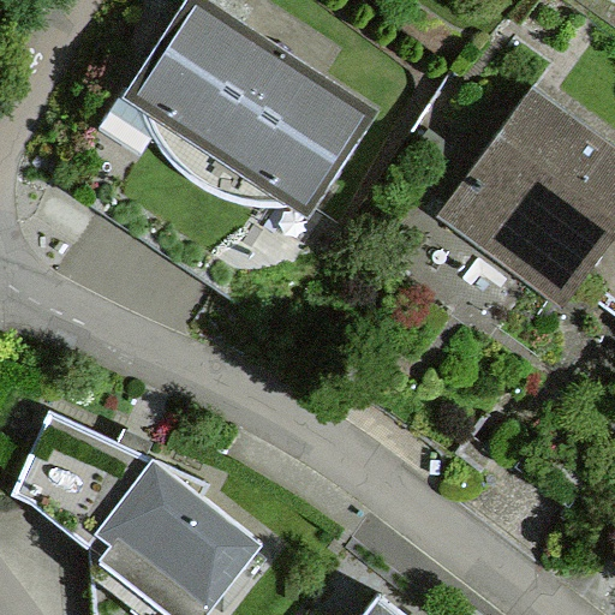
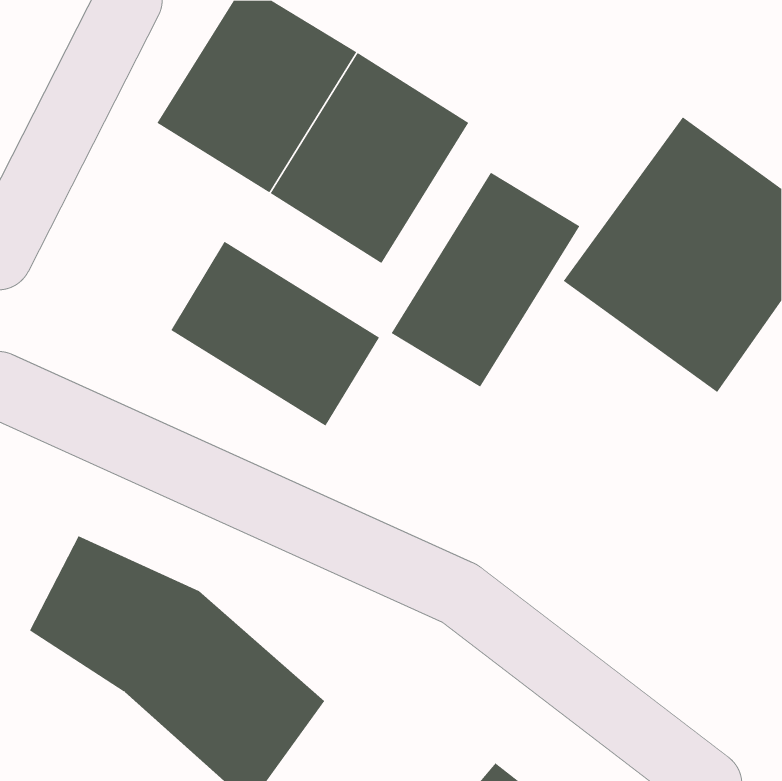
building: none -> [391,172,580,387]
building: none -> [170,241,380,427]

